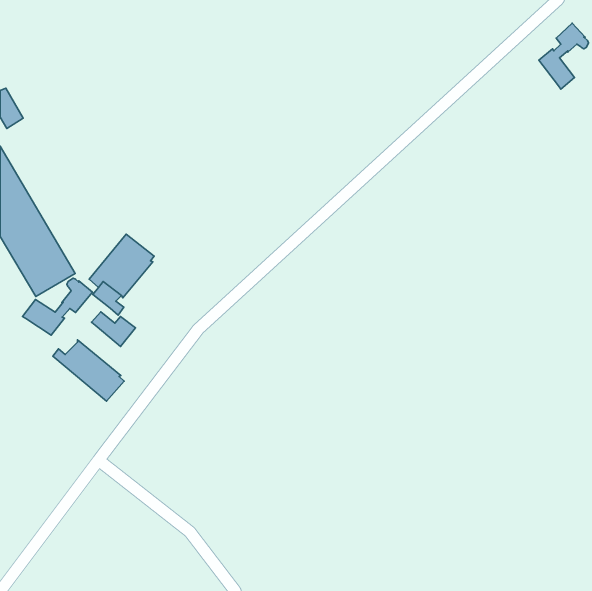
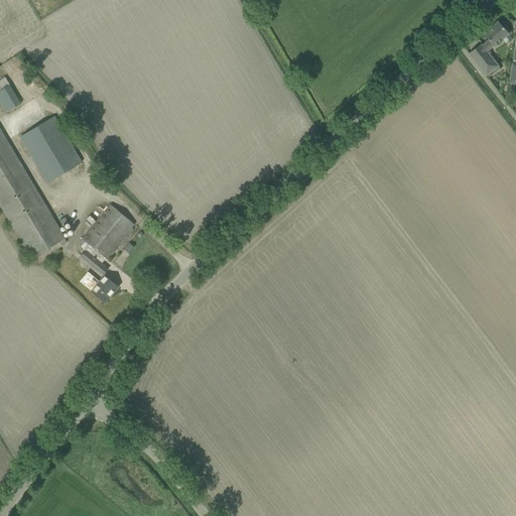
building: none -> [20,115,82,181]
building: [22,278,93,335] -> none
building: [53,340,124,401] -> none

